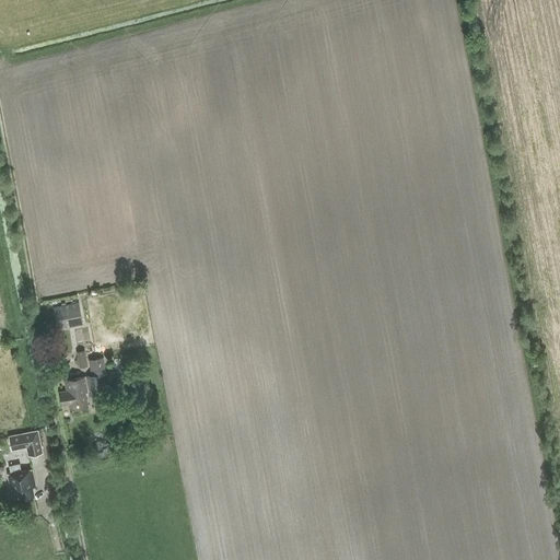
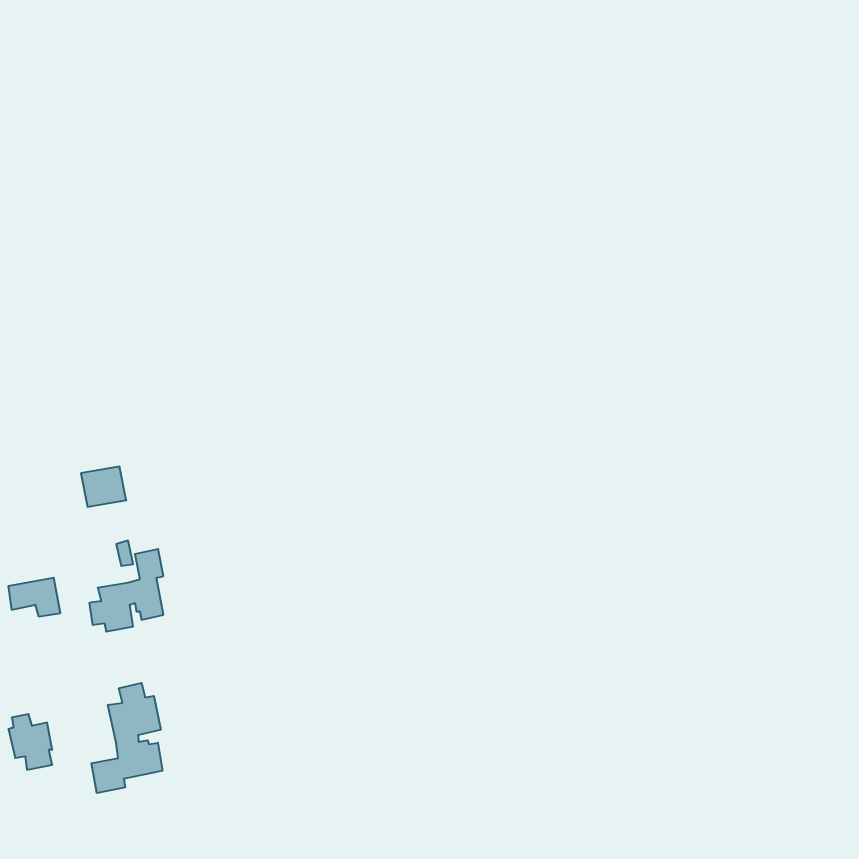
building: [8,431,42,456] -> [8,578,60,616]
building: none -> [92,683,162,793]

